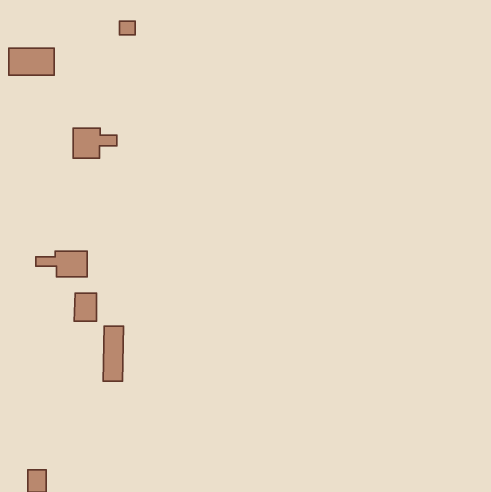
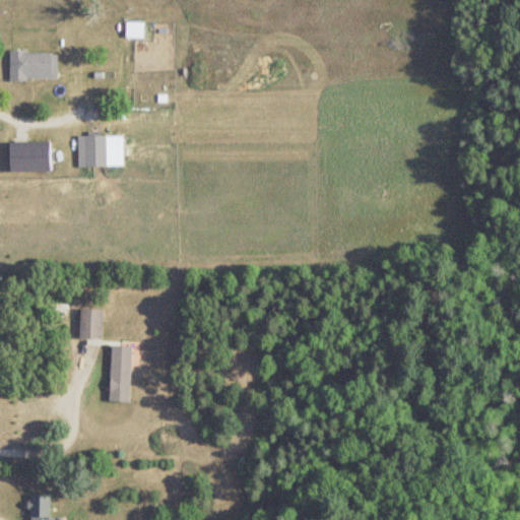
building: none -> [9,141,49,172]
building: [36,251,87,277] -> none

